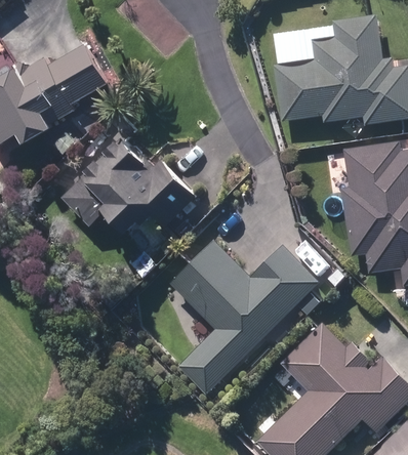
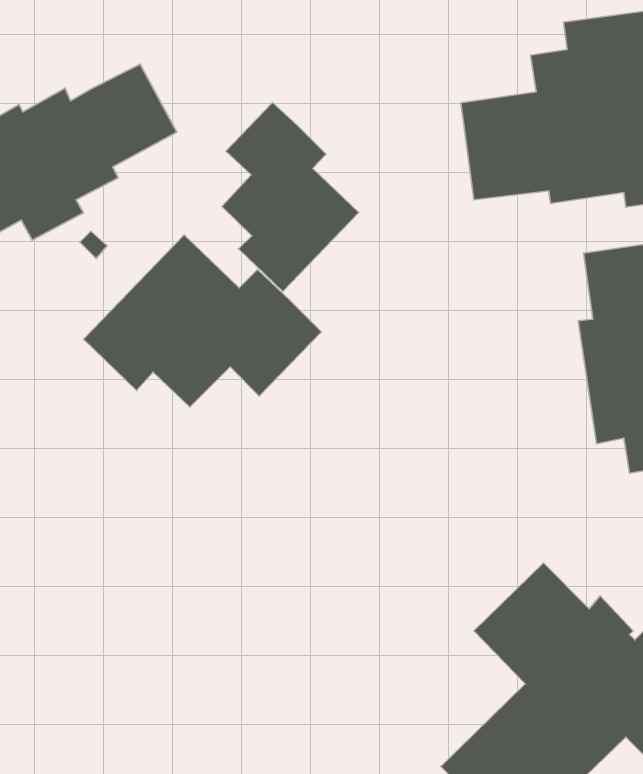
building: none -> [222,102,359,292]
building: [169,239,321,395] -> none

